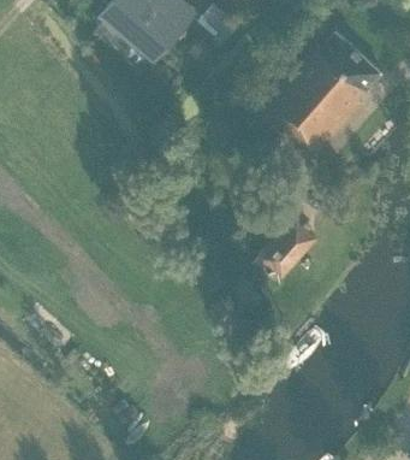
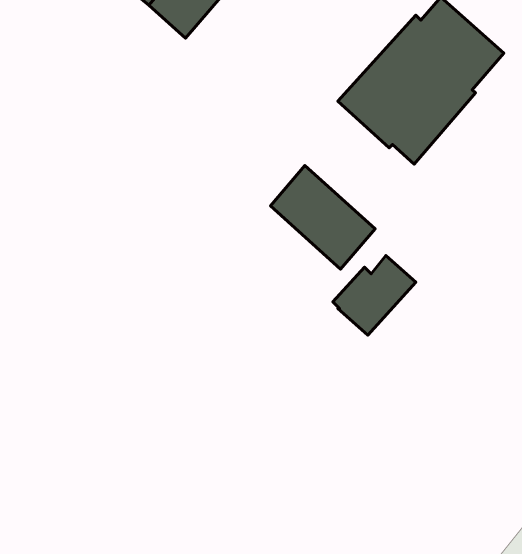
building: none -> [270,165,375,269]

